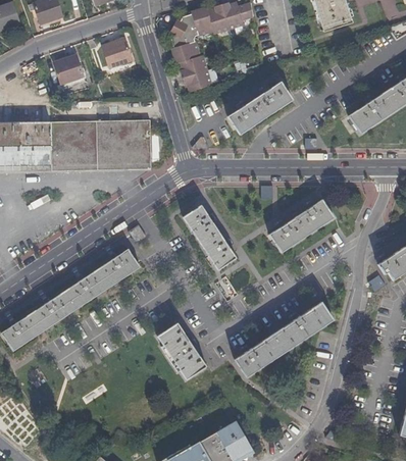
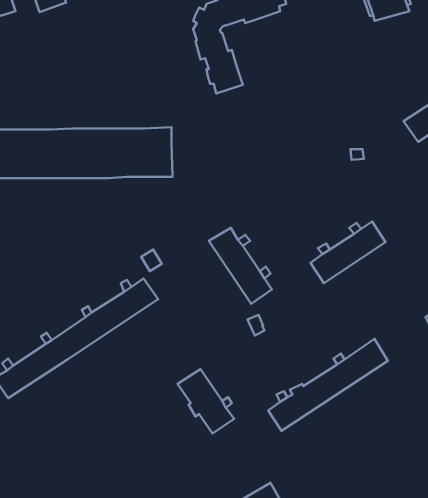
building: [103,39,134,68] -> none
building: [54,55,86,85] -> none
building: [230,83,293,134] -> none

